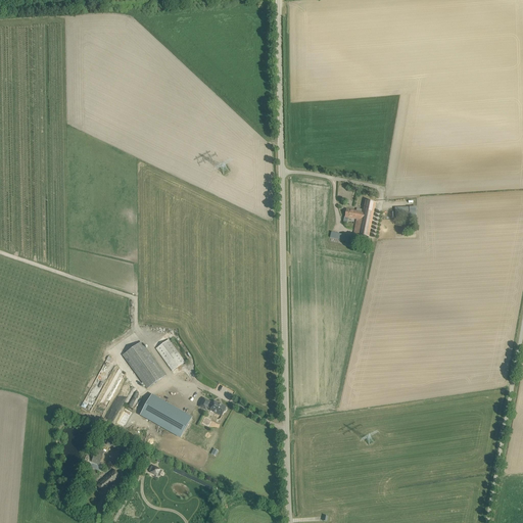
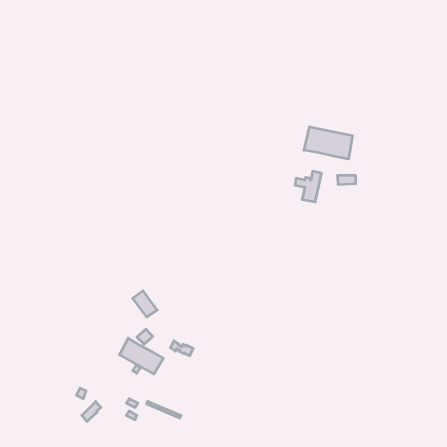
building: none -> [304,127,352,159]
building: [122,340,163,387] -> none

